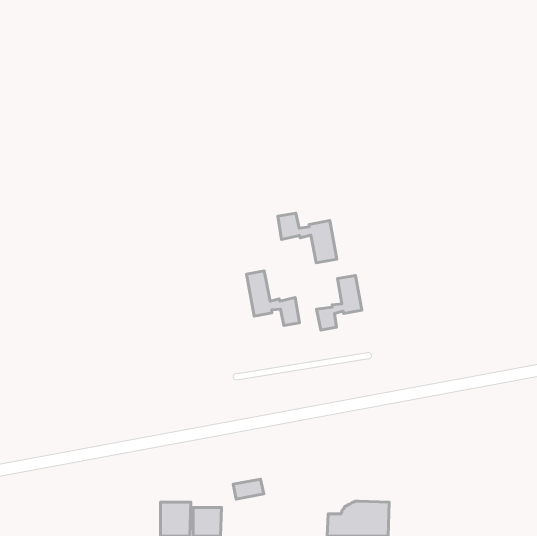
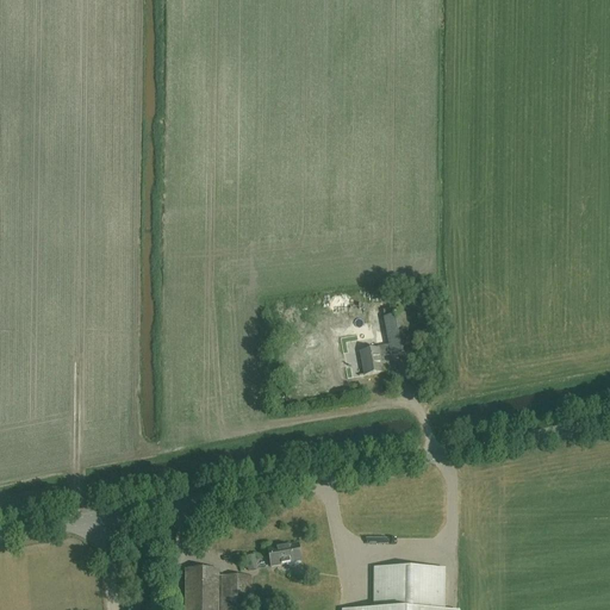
building: [278,213,337,263] -> none
building: [247,271,299,325] -> none

